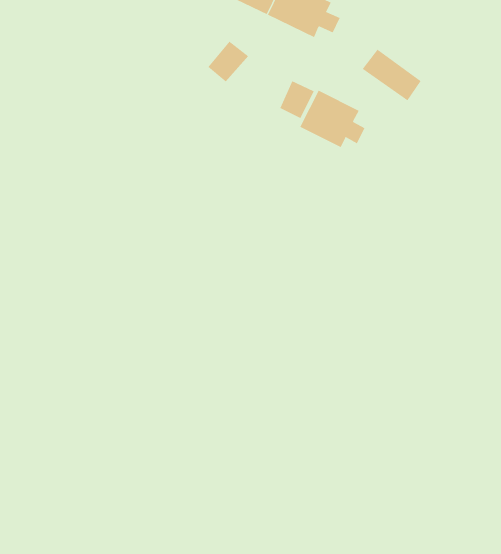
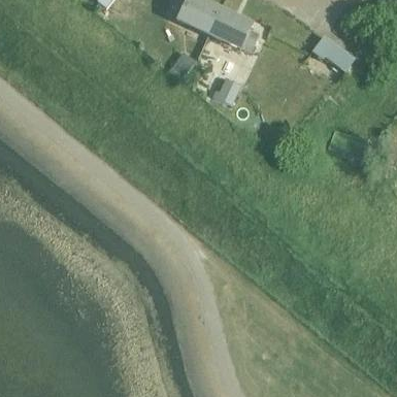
building: [362,49,421,101] -> [315,35,355,70]
building: [300,90,365,148] -> none

